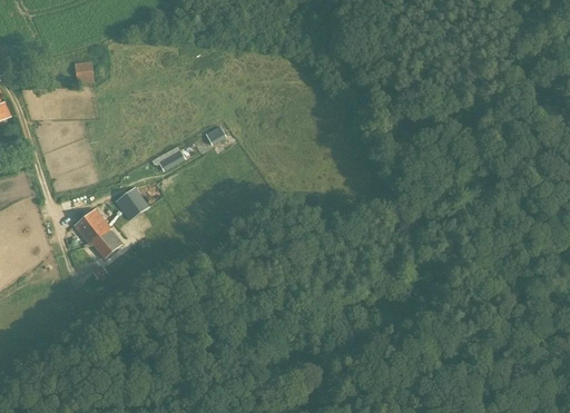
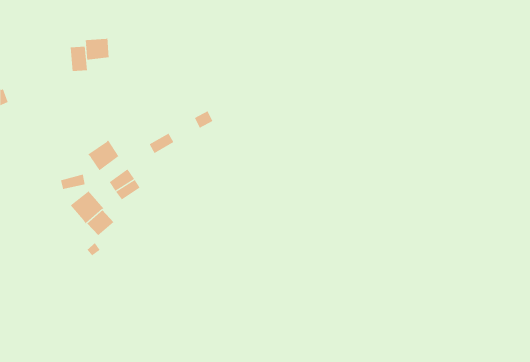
building: none -> [85,37,109,61]
building: none -> [87,139,119,171]

